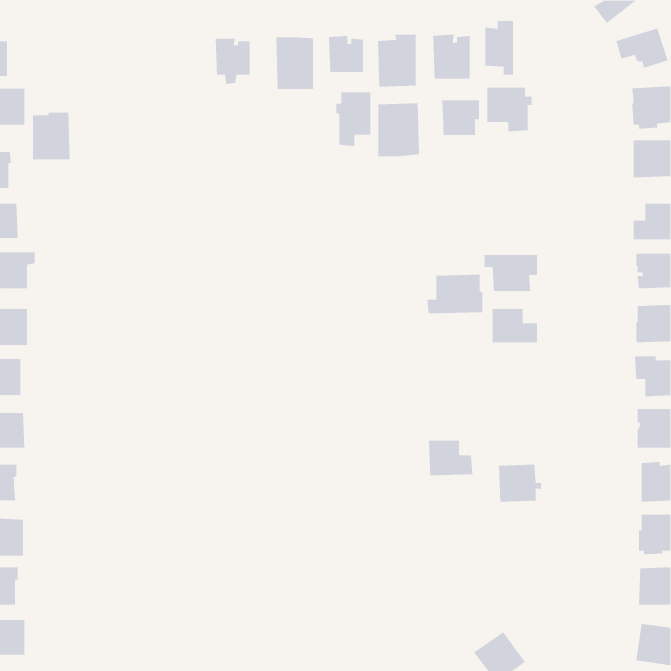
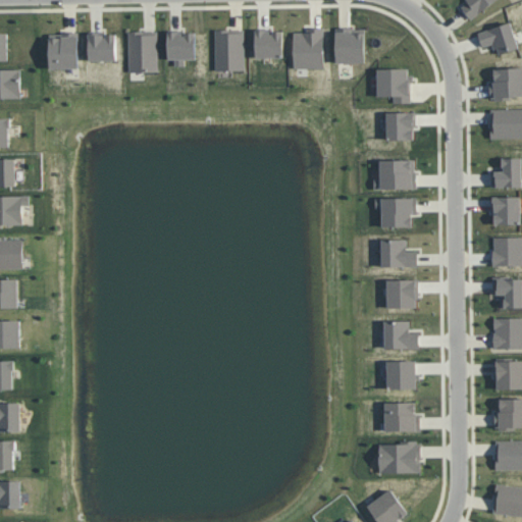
building: [485,20,513,75] -> none
building: none -> [127,32,156,72]
building: none -> [87,33,115,61]
building: [336,92,371,147] -> none
building: [442,100,480,136] -> [385,113,415,141]
building: [378,103,420,157] -> none
building: [32,112,70,160] -> [48,33,77,69]
building: [426,274,483,314] -> [371,160,415,191]
building: none -> [386,280,417,308]
building: [428,440,473,476] -> [383,322,418,350]
building: none -> [384,403,419,431]
building: none -> [377,441,419,473]

